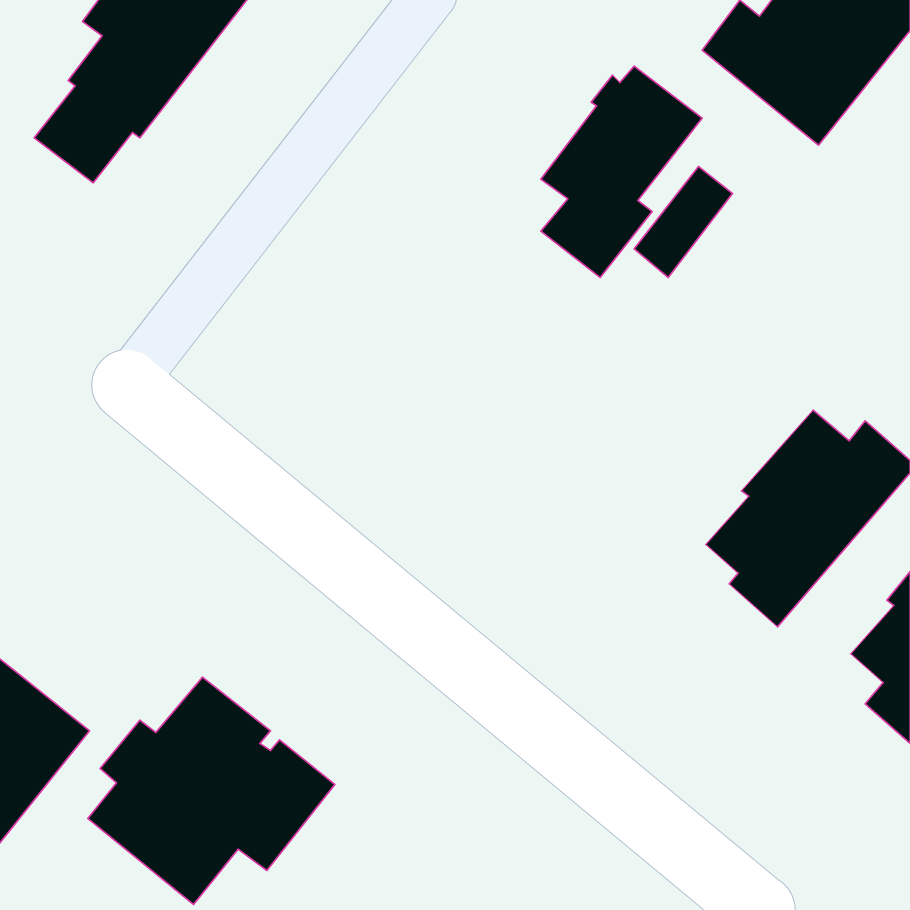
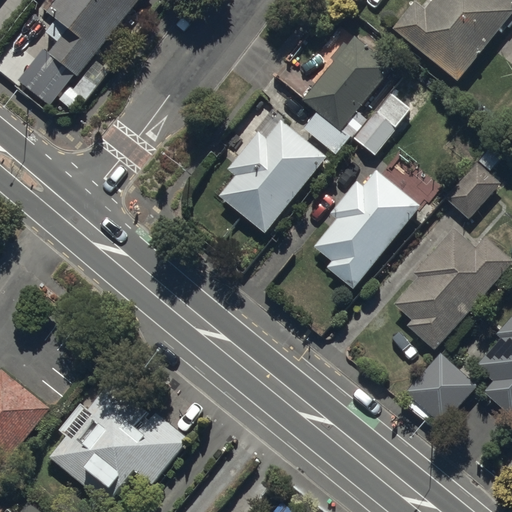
building: none -> [219,120,326,232]
building: none -> [444,148,500,218]
building: none -> [314,170,420,289]
building: none -> [405,353,477,425]

